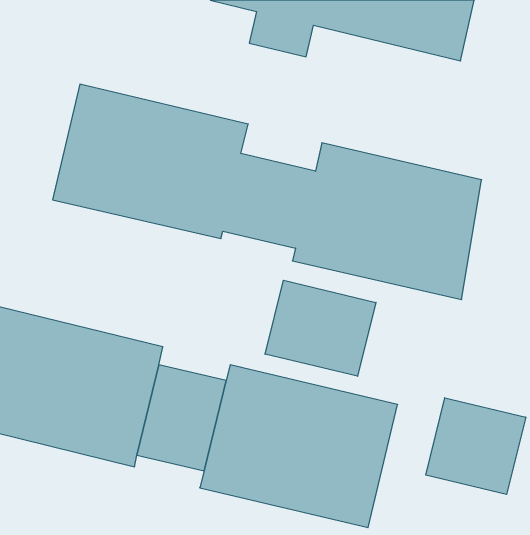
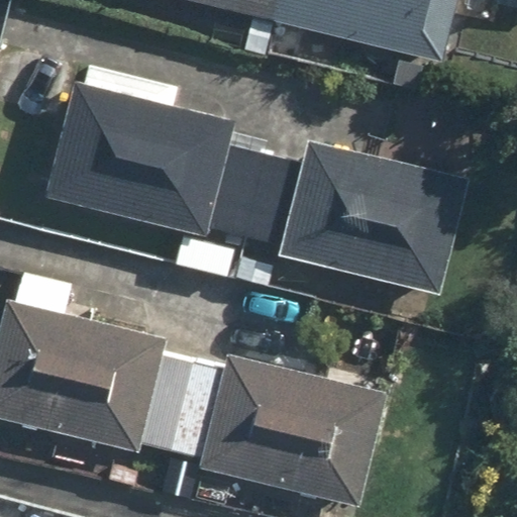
building: [265,280,376,376] -> none
building: [426,398,526,494] -> none

